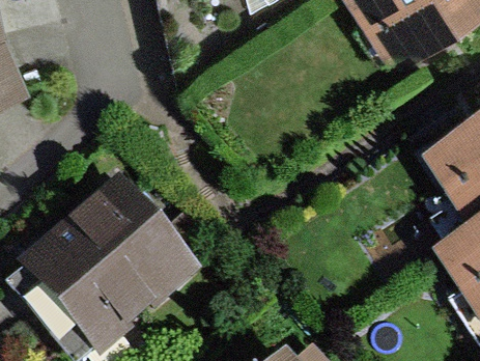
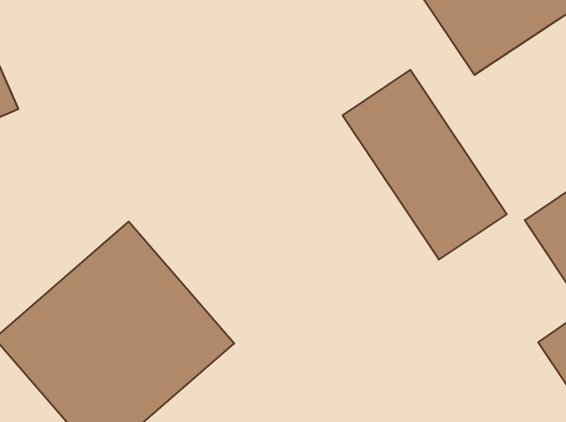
building: none -> [343,70,507,260]

